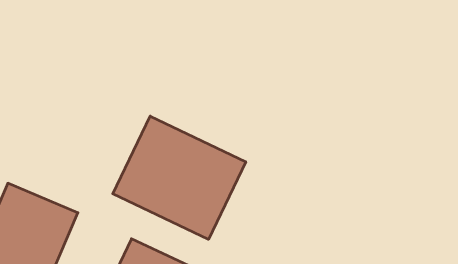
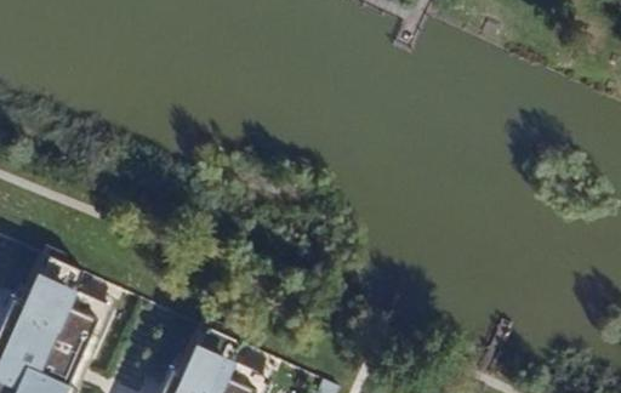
building: [113,116,246,239] -> none

